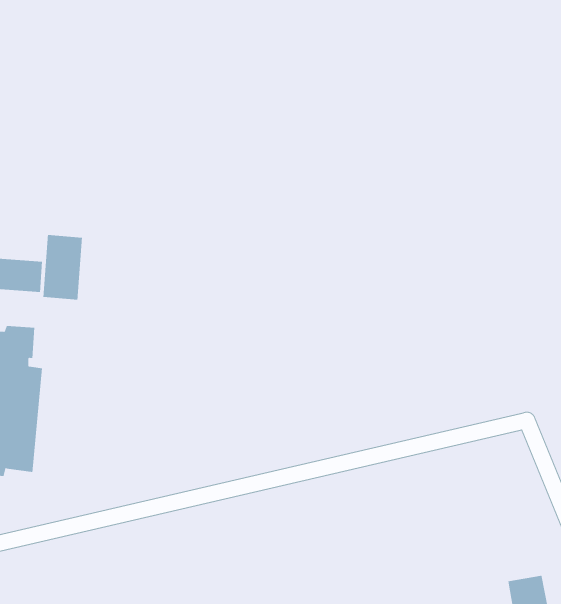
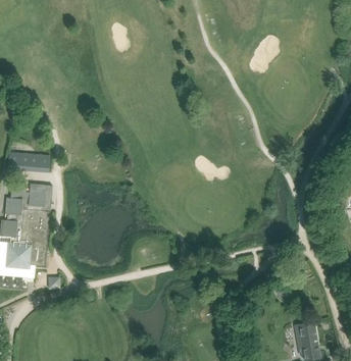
building: [43,234,83,301] -> none

